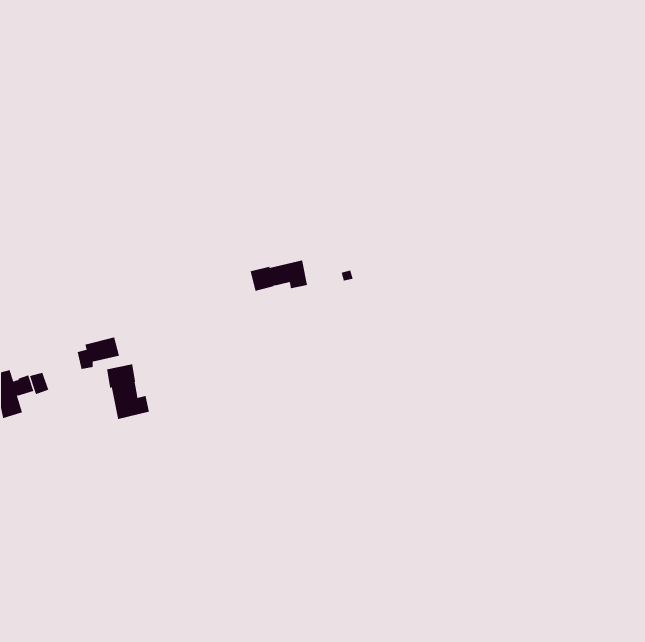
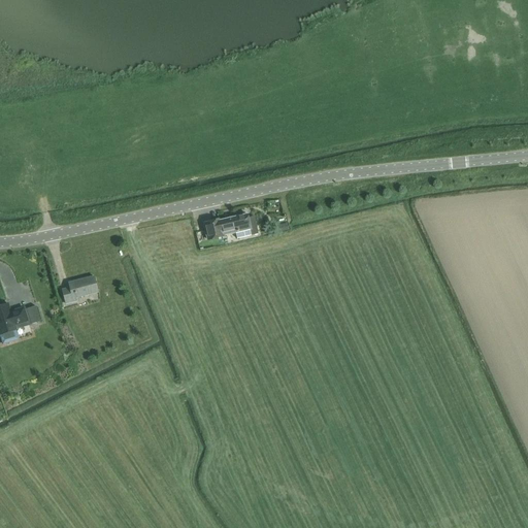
building: [106,364,150,420] -> none

